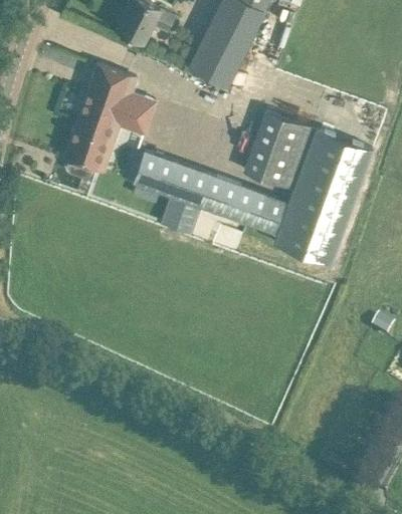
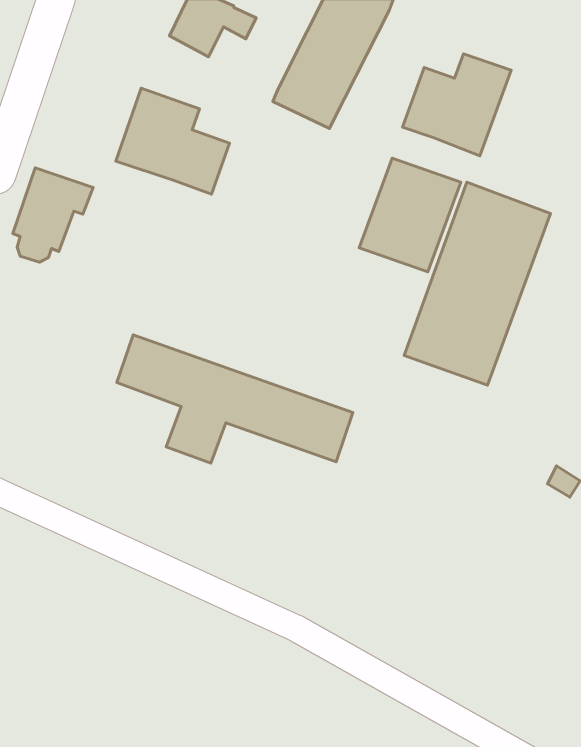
building: none -> [402,54,511,156]
building: [64,112,119,176] -> [13,168,93,262]
building: [126,147,284,233] -> [117,335,353,463]

